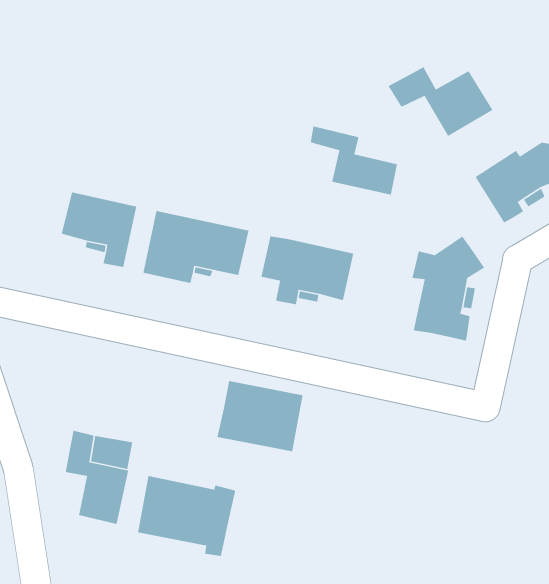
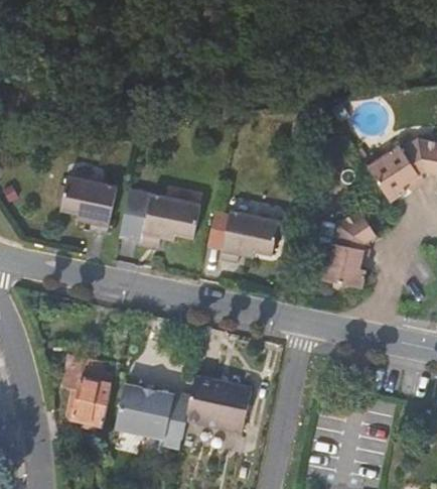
building: [387,66,493,137] -> none
building: [310,125,398,195] -> none
building: [217,380,304,452] -> [185,378,251,433]

